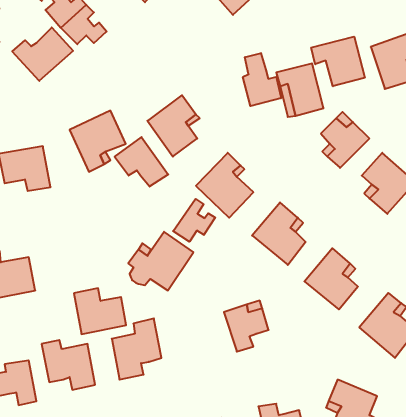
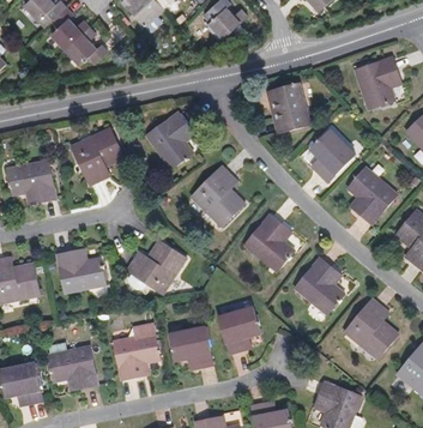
building: [12,27,73,81] -> none
building: [311,37,365,86] -> none
building: [243,53,281,106] -> none
building: [115,137,168,187] -> none
building: [173,199,215,242] -> none
building: [74,288,126,334] -> [58,251,107,294]
building: none -> [171,326,213,368]

